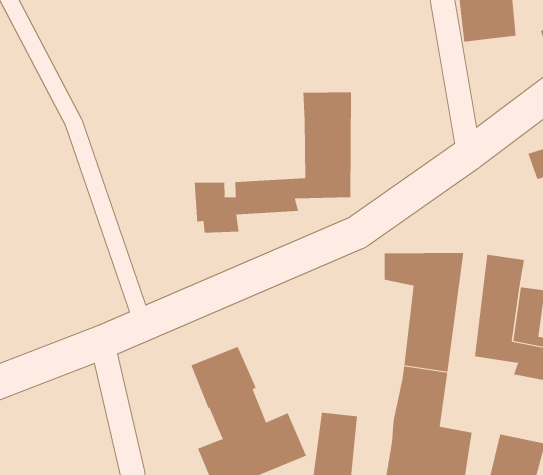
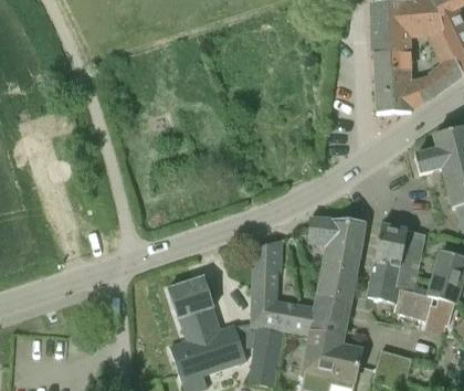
building: none -> [375,73,416,114]
building: [194,91,352,233] -> none
building: none -> [253,241,316,336]

